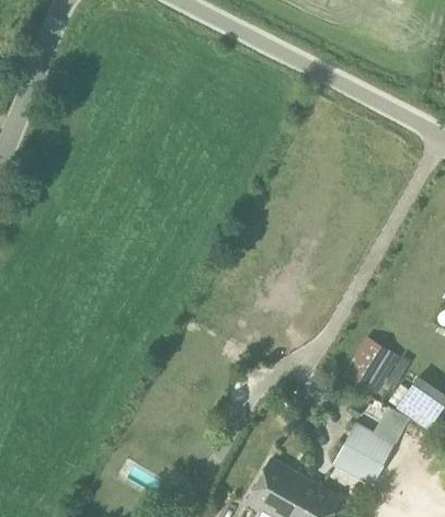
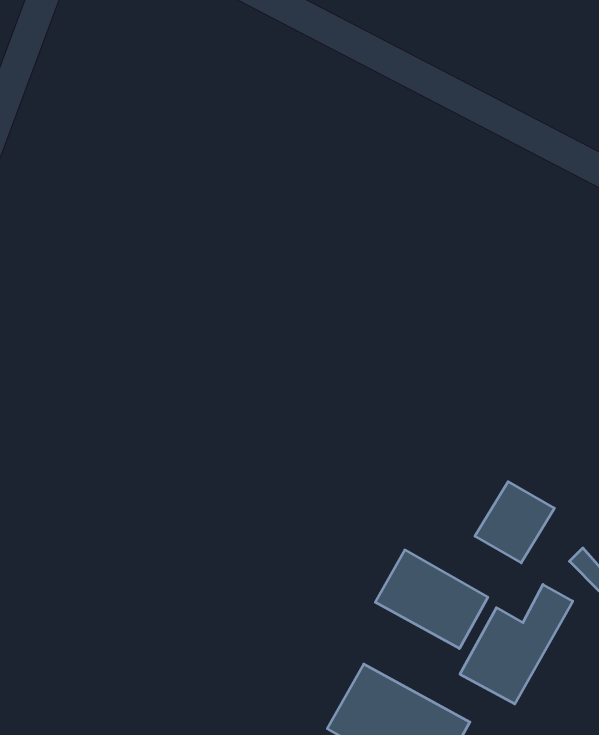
building: none -> [375,550,488,649]

